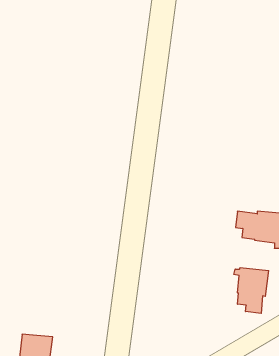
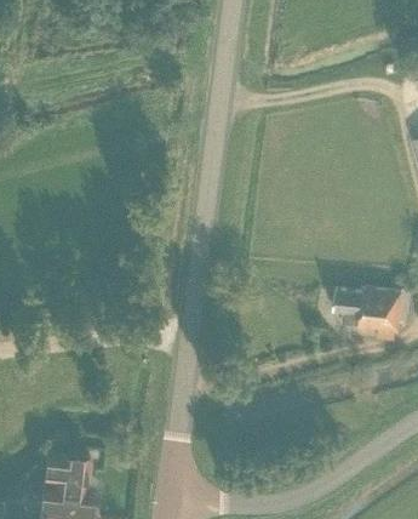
building: [234,268,269,313] -> none

